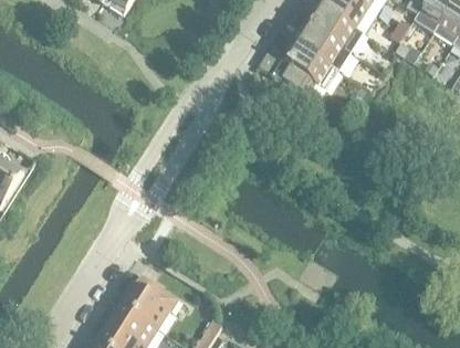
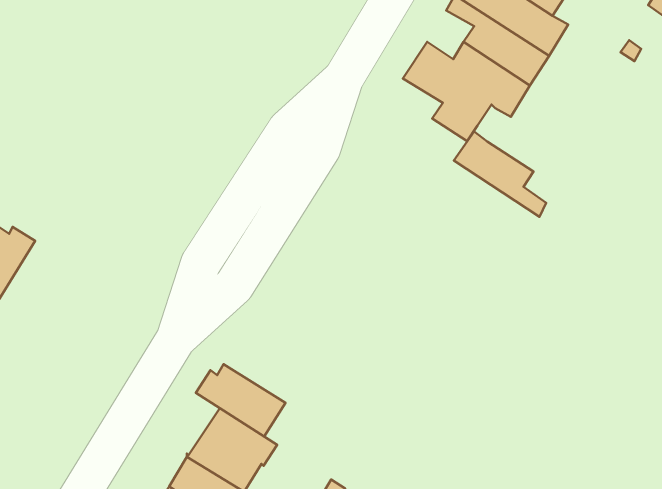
building: none -> [454,131,546,217]
building: none -> [196,364,285,436]

